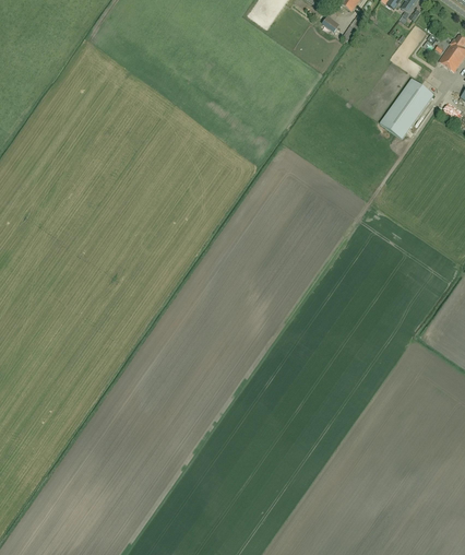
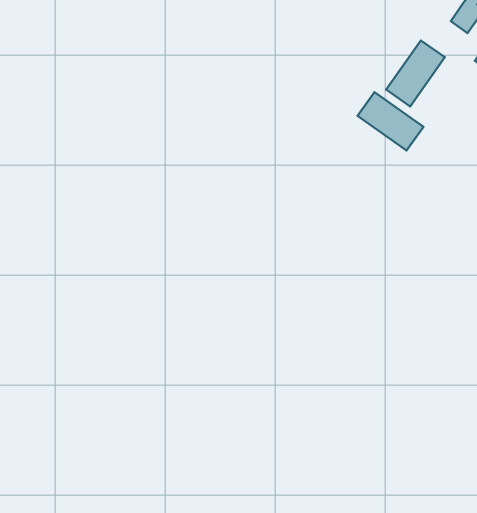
building: none -> [357,92,424,151]

